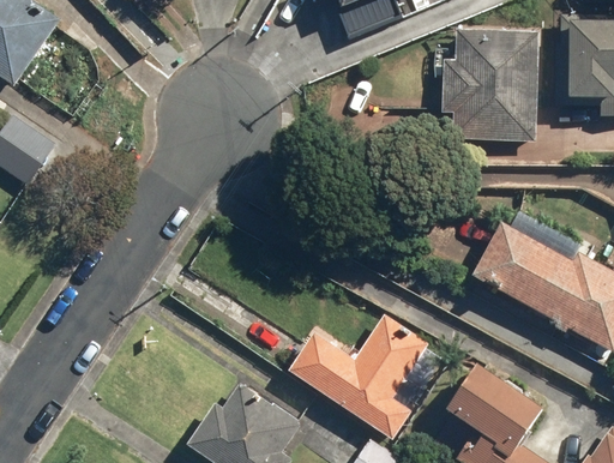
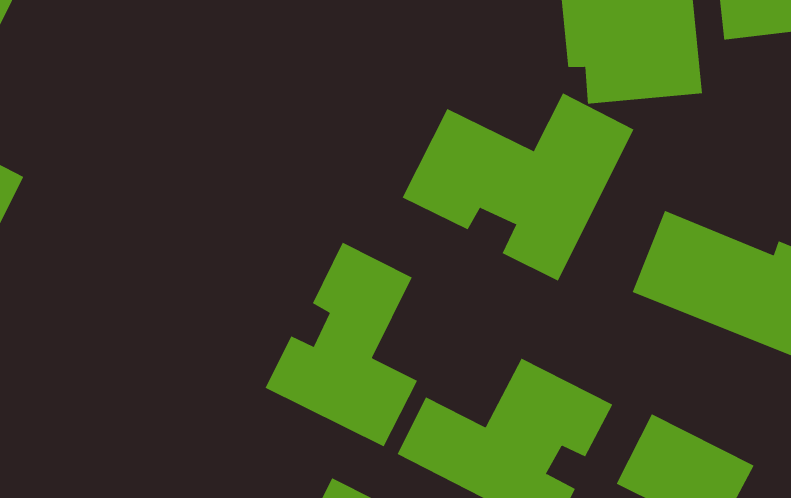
building: none -> [402,93,634,282]
building: none -> [265,242,418,447]

